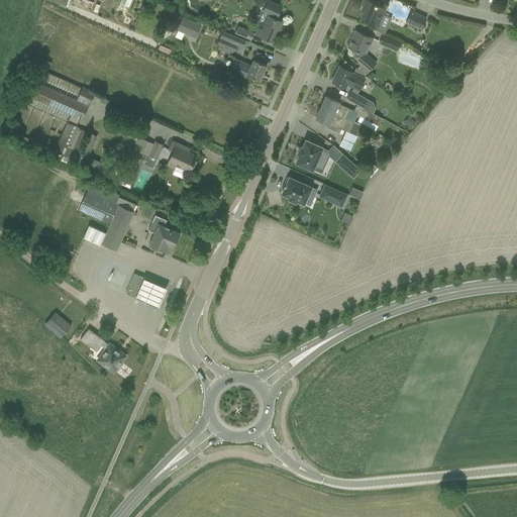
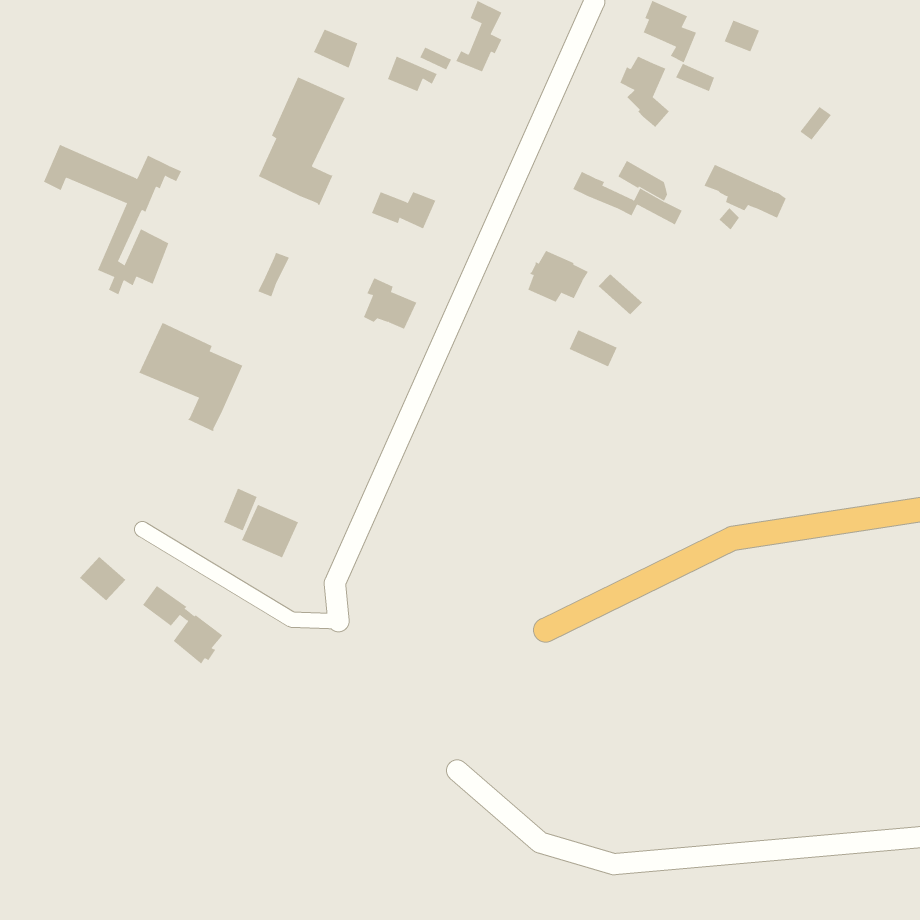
building: none -> [258,76,345,207]
building: [230,60,267,81] -> [371,191,436,229]
building: [332,61,366,91] -> none
building: [315,106,361,136] -> [704,164,786,218]
building: [167,141,197,171] -> [363,277,417,330]
building: [280,175,317,205] -> none
building: [148,215,180,252] -> none

